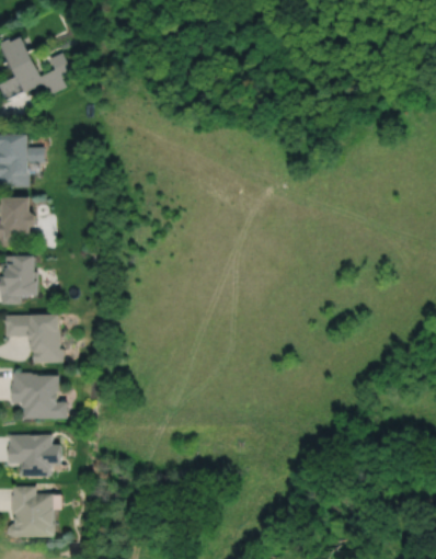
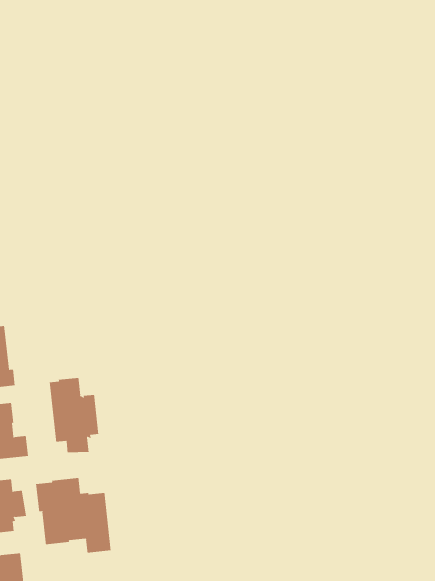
building: none -> [49,377,99,453]
building: none -> [36,477,111,553]

